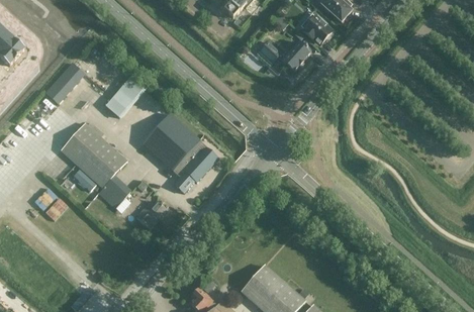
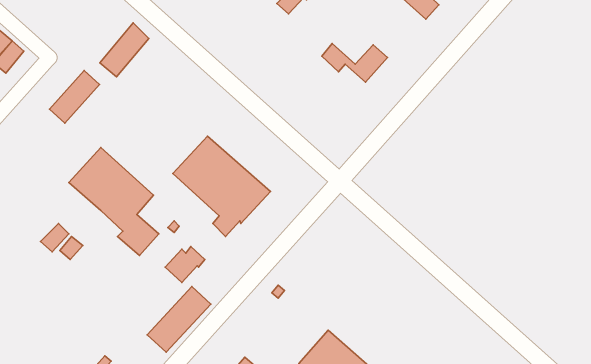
building: [299,11,333,40] -> none
building: [105,74,144,116] -> [100,23,149,77]
building: none -> [147,287,211,352]

